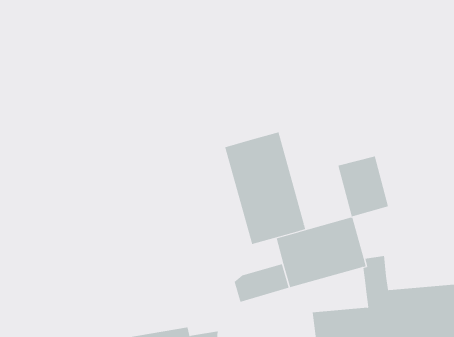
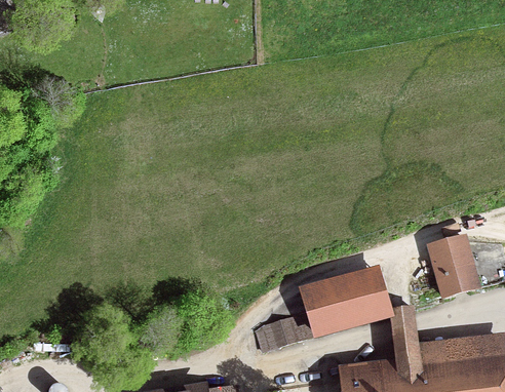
building: [225,132,306,245] -> none
building: [337,156,389,217] -> [427,234,481,299]

